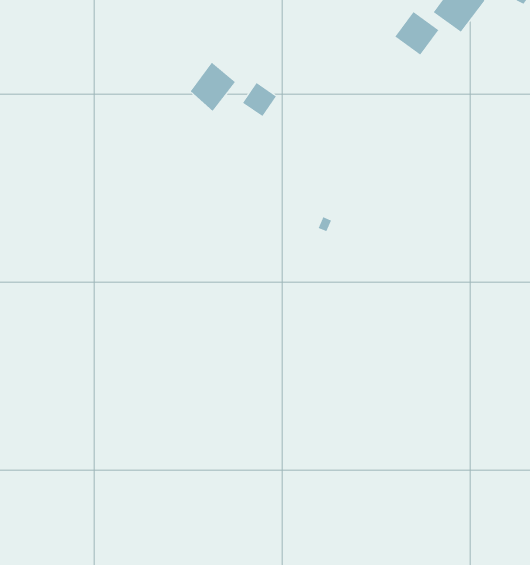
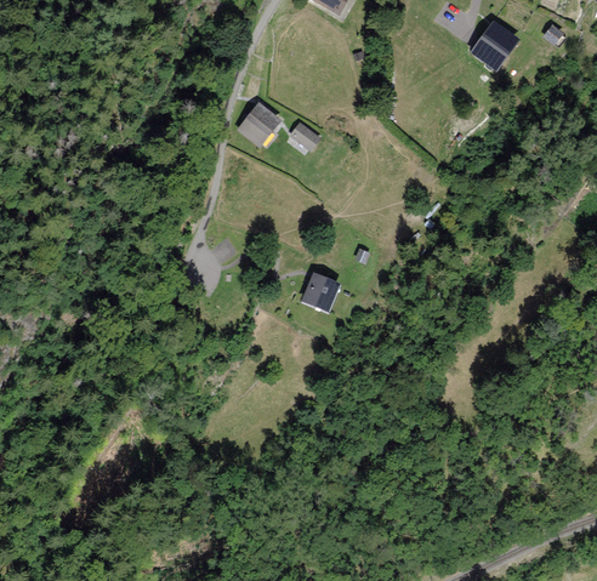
building: [395,11,439,56] -> none
building: none -> [306,272,340,308]

